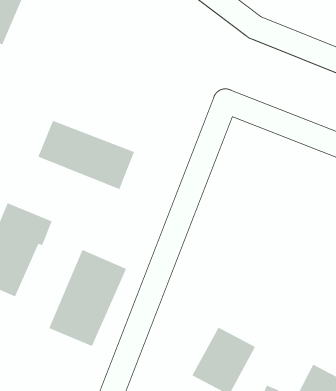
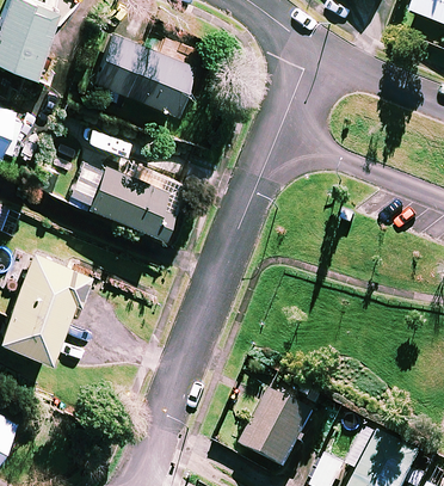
building: none -> [87,32,189,112]
building: [48,249,127,347] -> none

